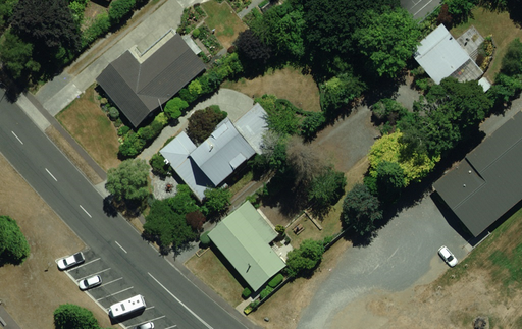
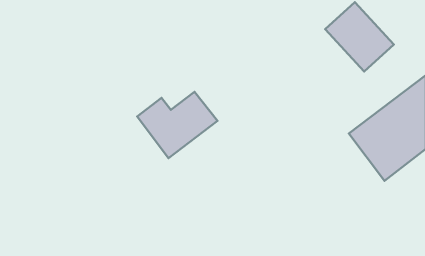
building: [96,34,208,127] -> none
building: [213,200,292,291] -> none

